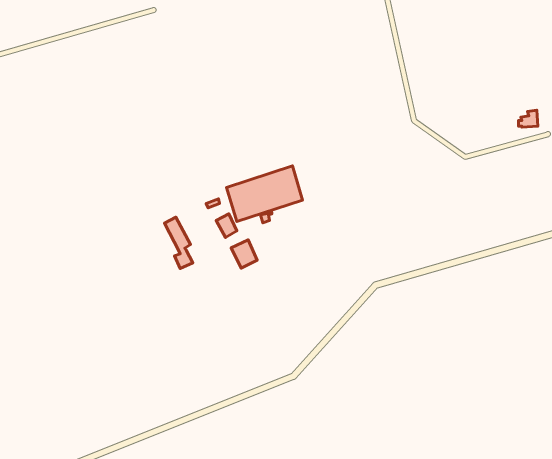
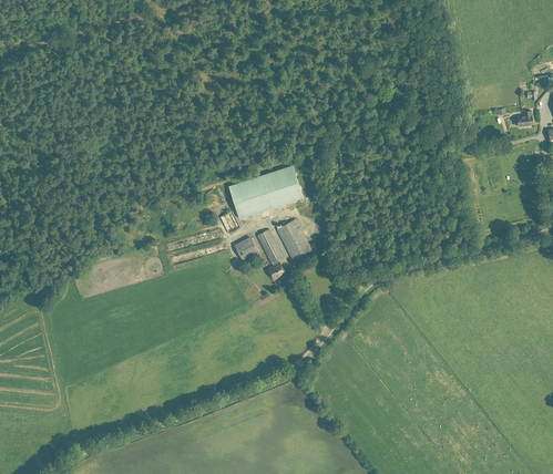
building: [164,217,193,268] -> [257,229,285,279]
building: none -> [276,219,311,261]

